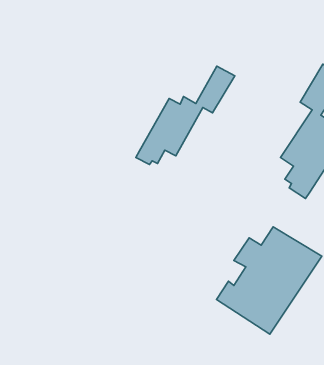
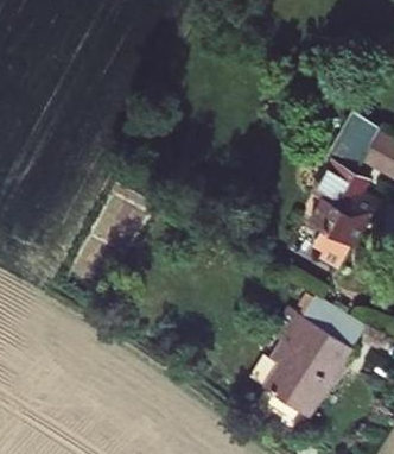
building: [136,66,235,165] -> none

